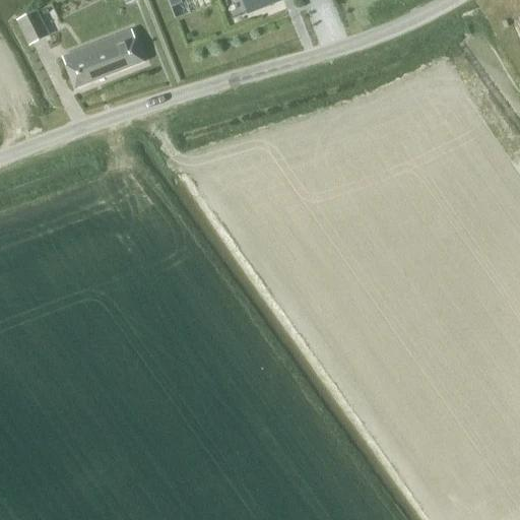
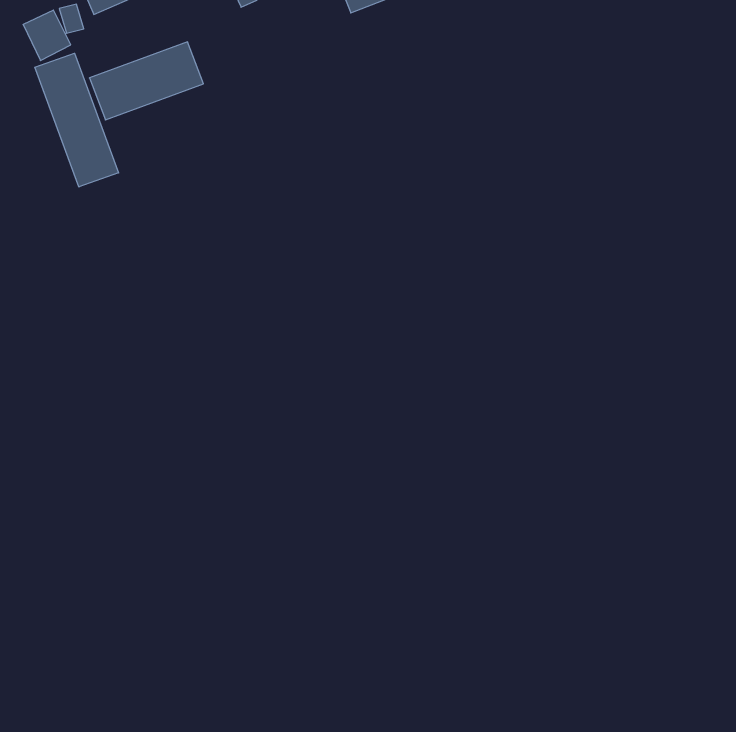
building: none -> [35,53,119,187]

